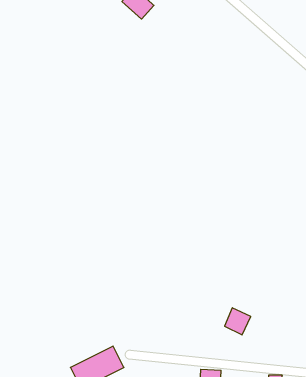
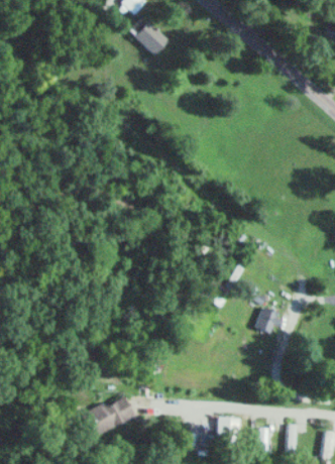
building: [225,308,251,335] -> [254,308,282,336]

